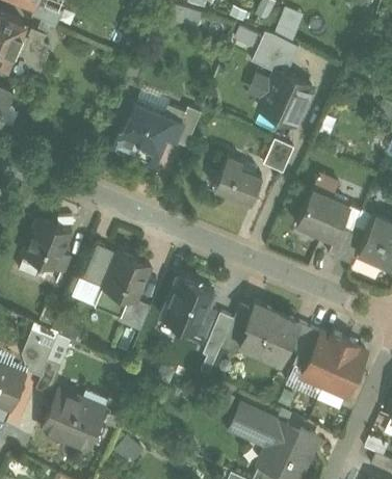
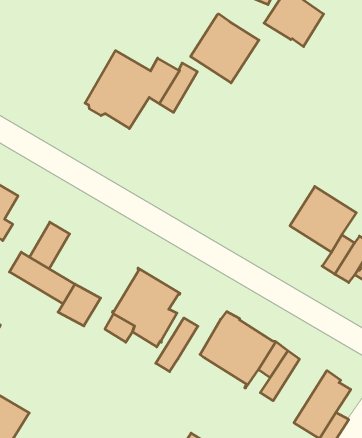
building: [259,71,313,126] -> [191,14,259,83]
building: [263,139,293,171] -> none
building: [218,155,261,204] -> none
building: [105,254,150,301] -> none
building: [221,304,252,354] -> none
building: [303,331,345,385] -> none

